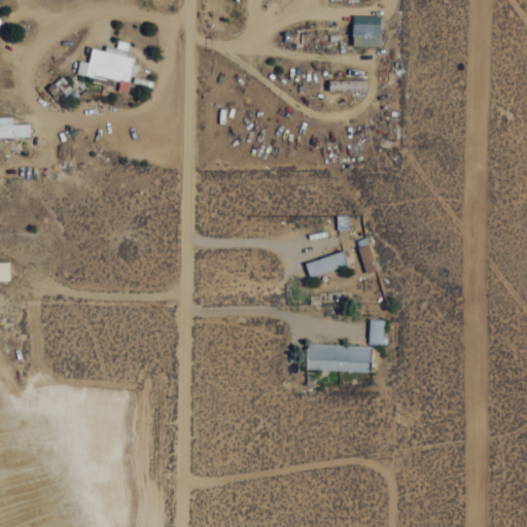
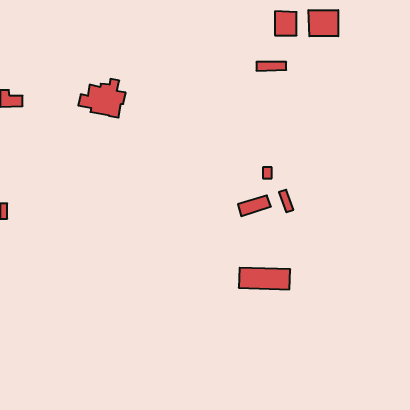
building: none -> [308,10,338,36]
building: [77,40,138,90] -> [78,79,126,118]
building: [368,319,386,345] -> none

